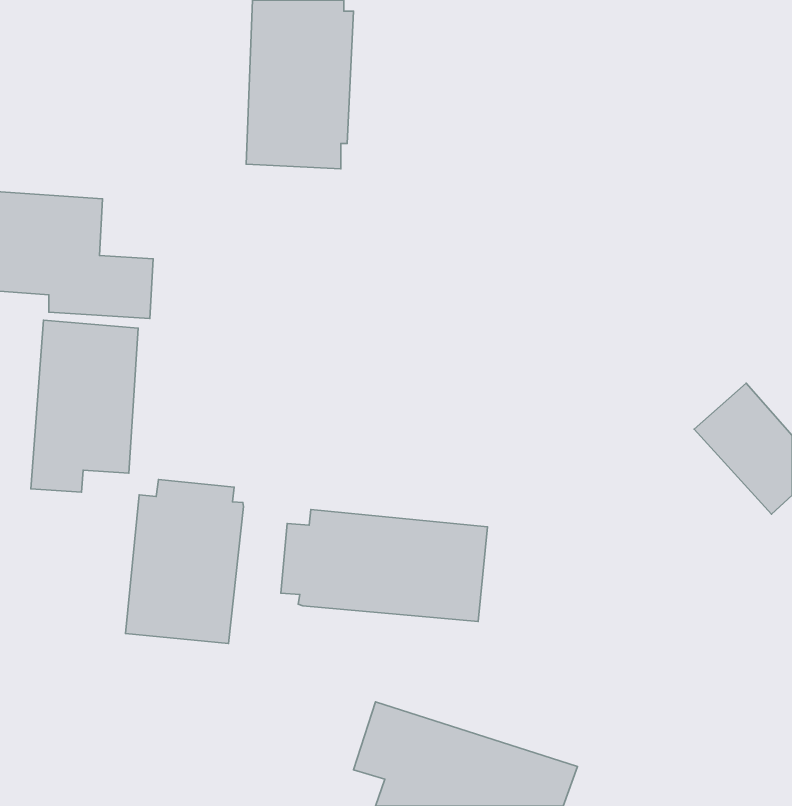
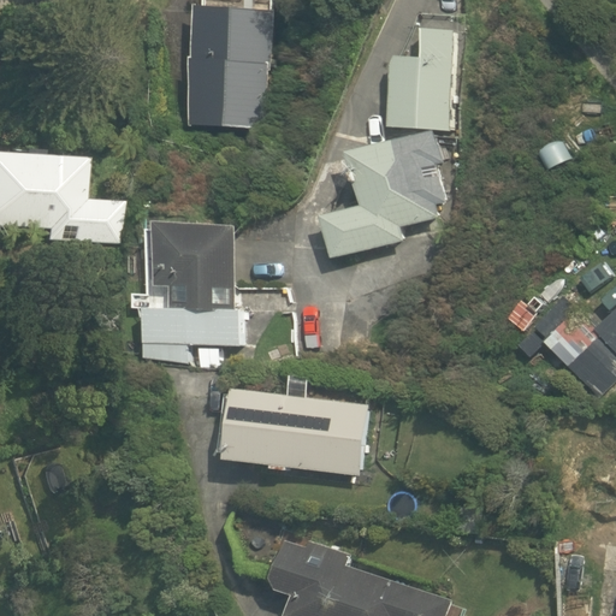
building: none -> [322,26,452,256]
building: [31,320,138,492] -> [153,221,235,353]
building: [125,479,244,644] -> none

